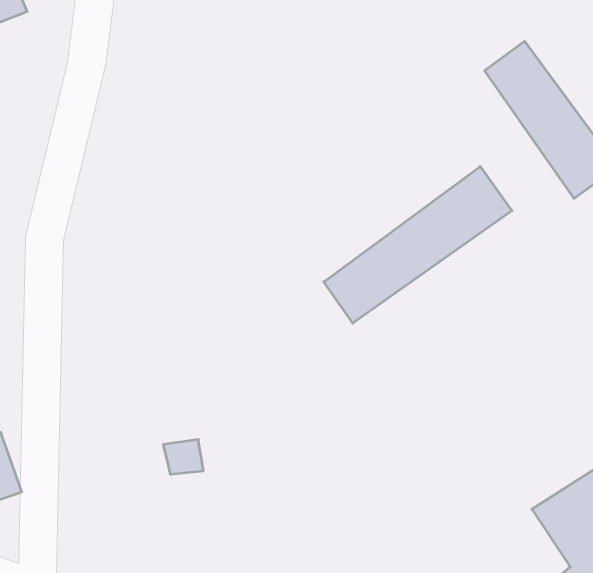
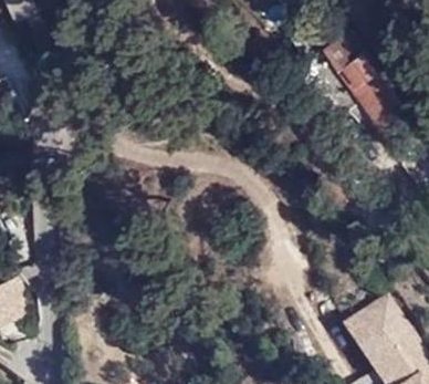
building: [324,166,512,323] -> none

